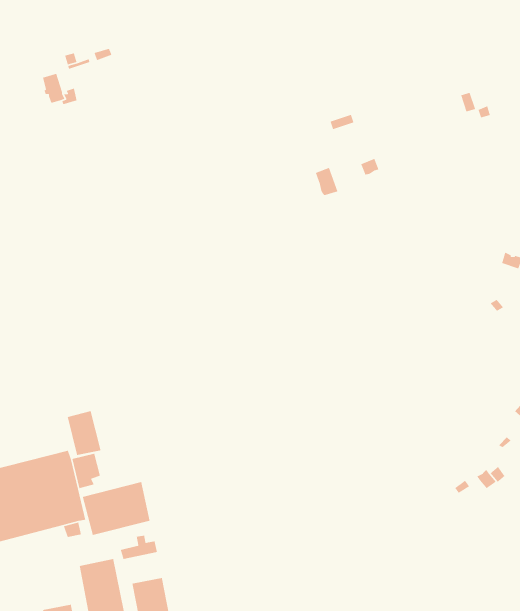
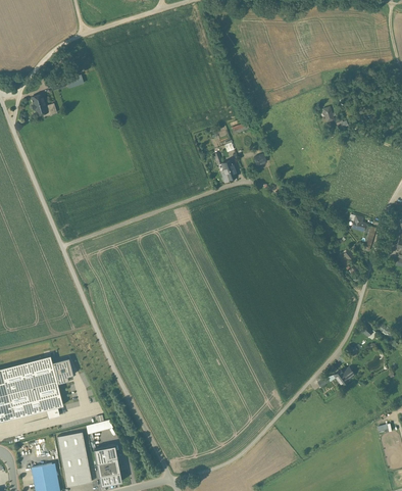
building: [67,410,101,456] -> none
building: [82,481,151,536] -> none

